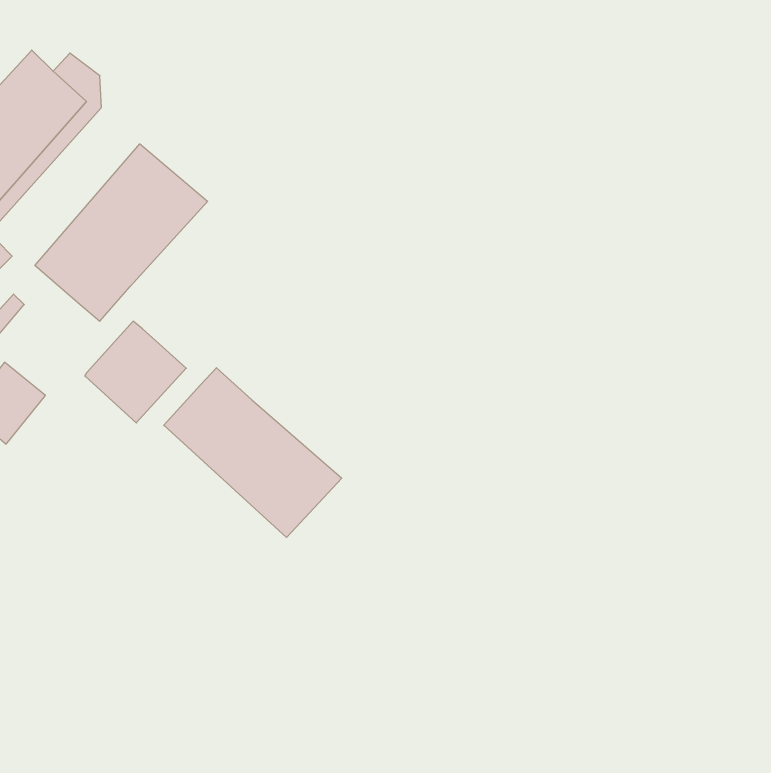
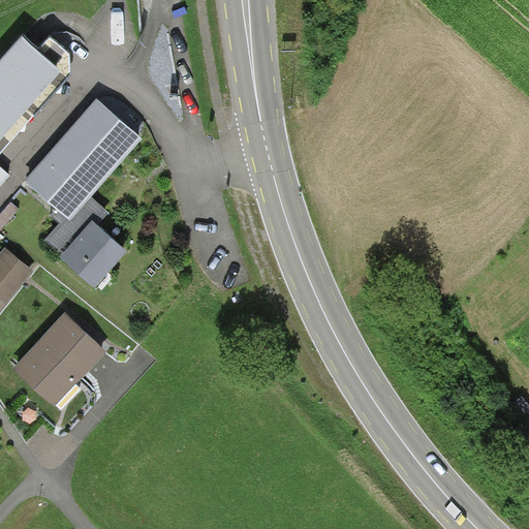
building: none -> [43,195,106,254]
building: [164,368,342,537] -> none
building: none -> [11,310,104,405]

